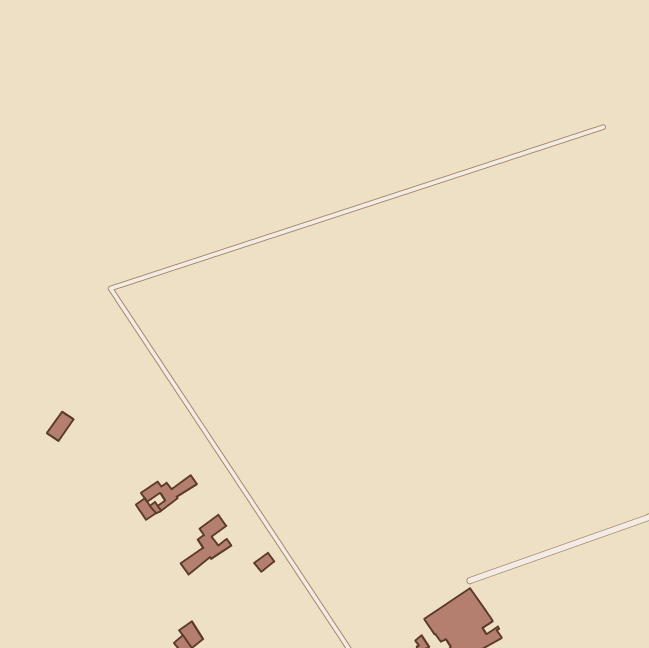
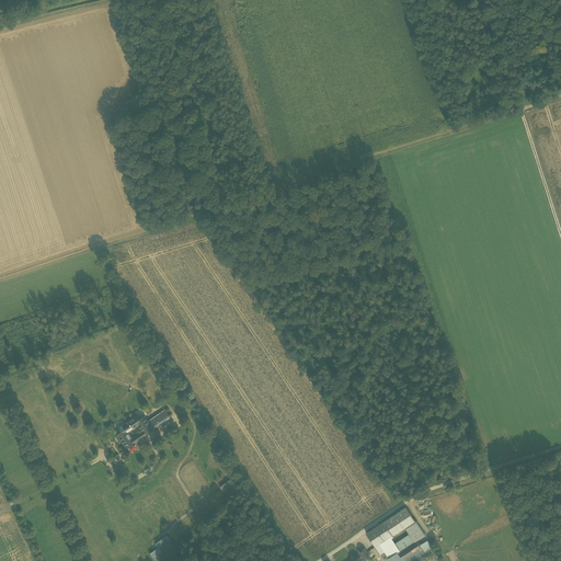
building: [181,515,231,575] -> none

